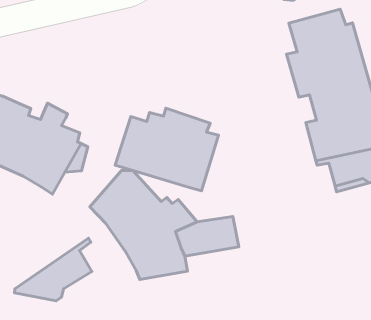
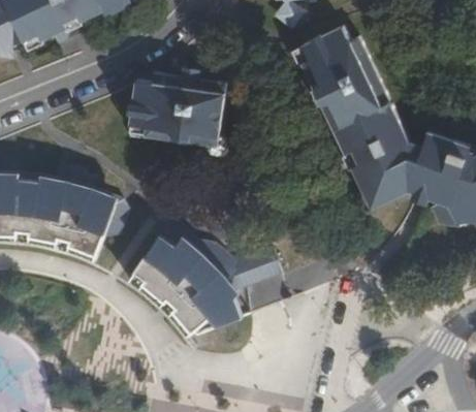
building: [115,108,219,191] -> [126,69,223,145]
building: [15,238,92,301] -> none

